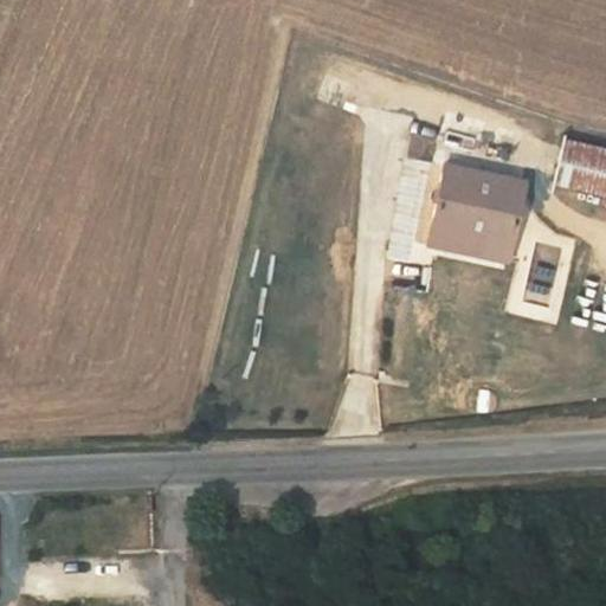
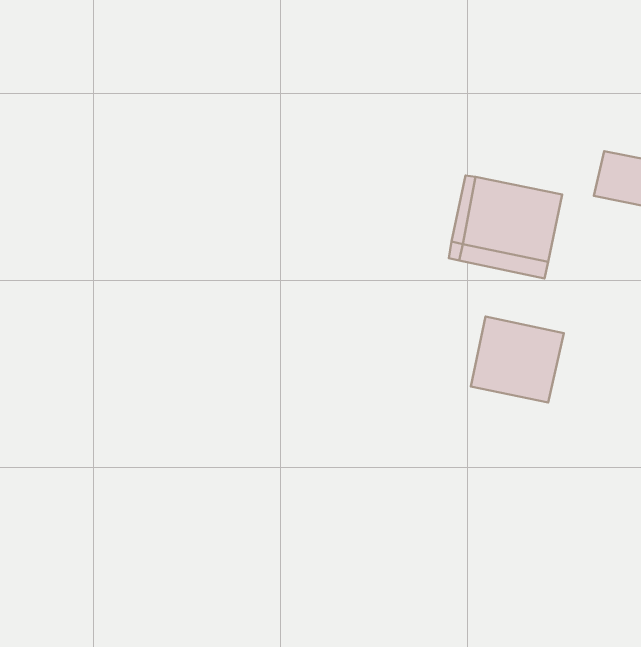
building: none -> [471,317,564,402]

